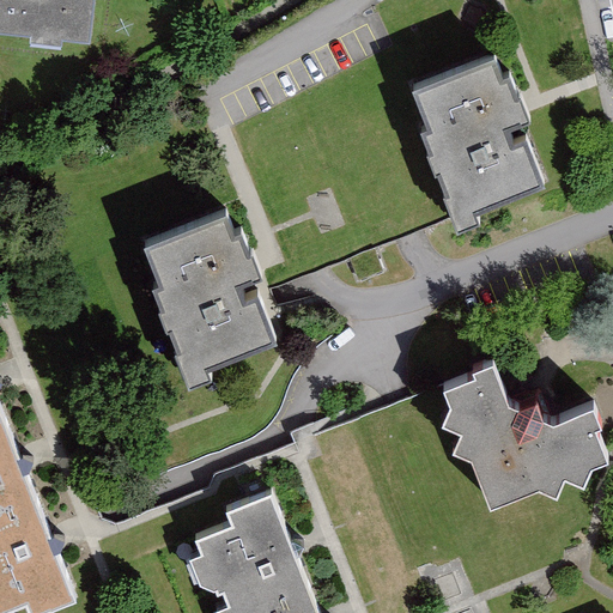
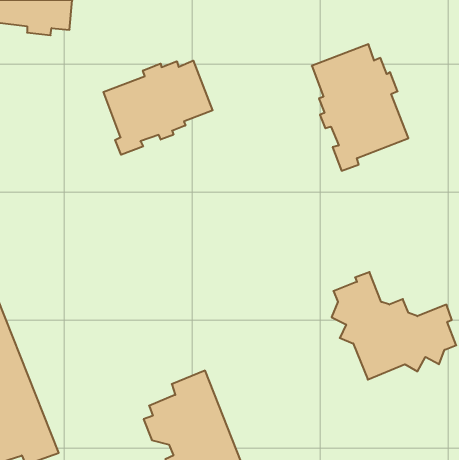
building: none -> [103,61,213,155]
building: [144,216,272,384] -> none

